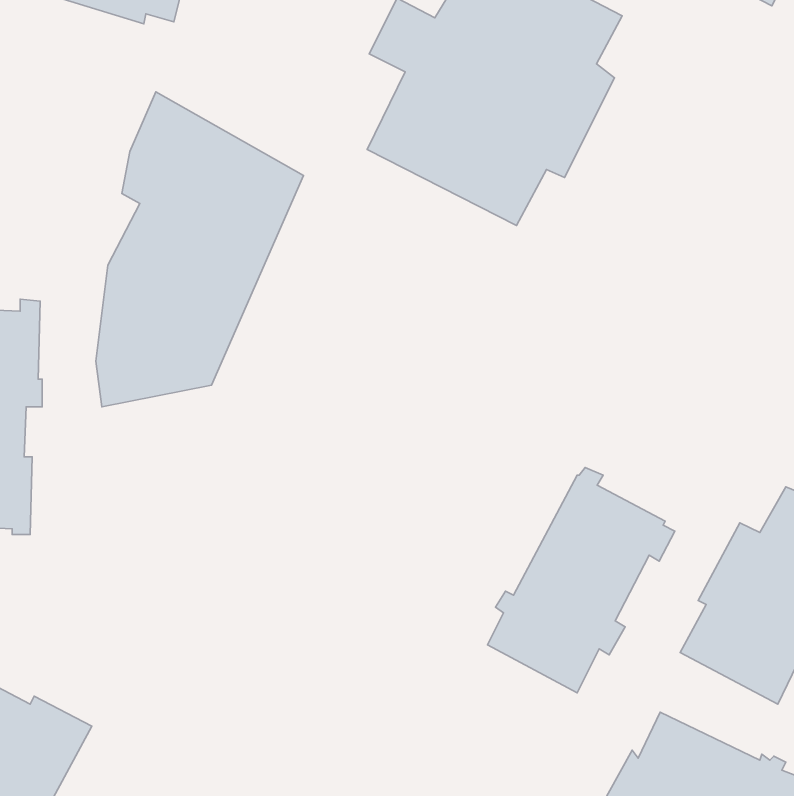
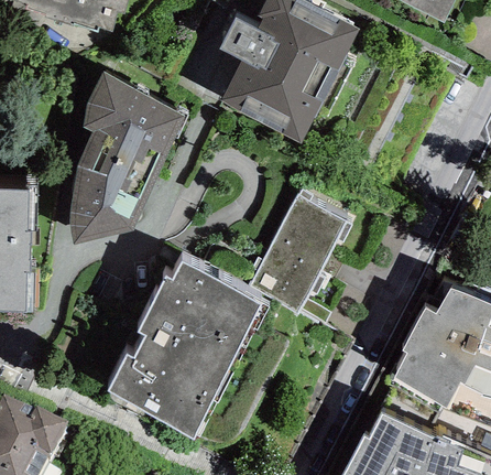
building: none -> [106,261,268,435]
building: [488,467,675,693] -> [248,188,351,313]

